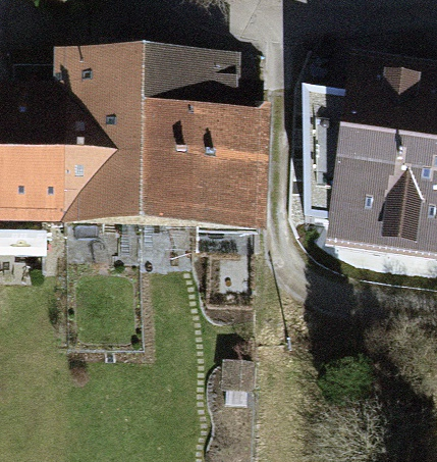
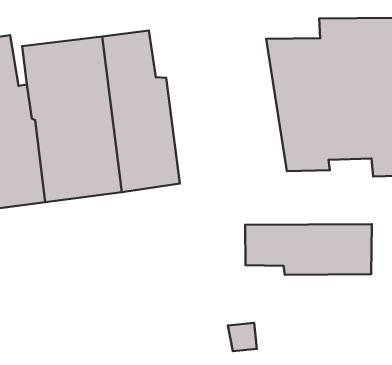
building: [192,68,262,222] -> none
building: none -> [245,224,372,275]

